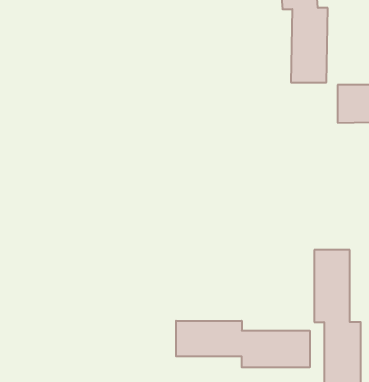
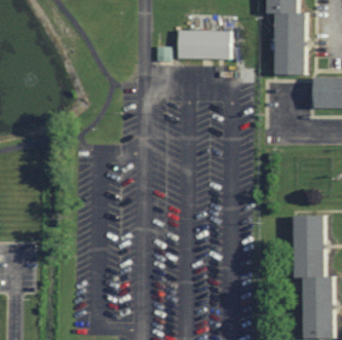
building: none -> [176,31,227,59]
building: [176,321,310,367] -> none

